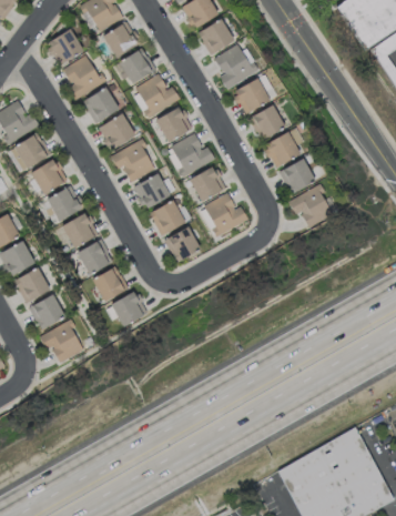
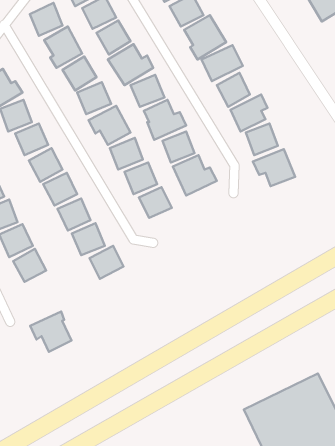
building: [39,320,83,363] -> [30,312,71,352]

